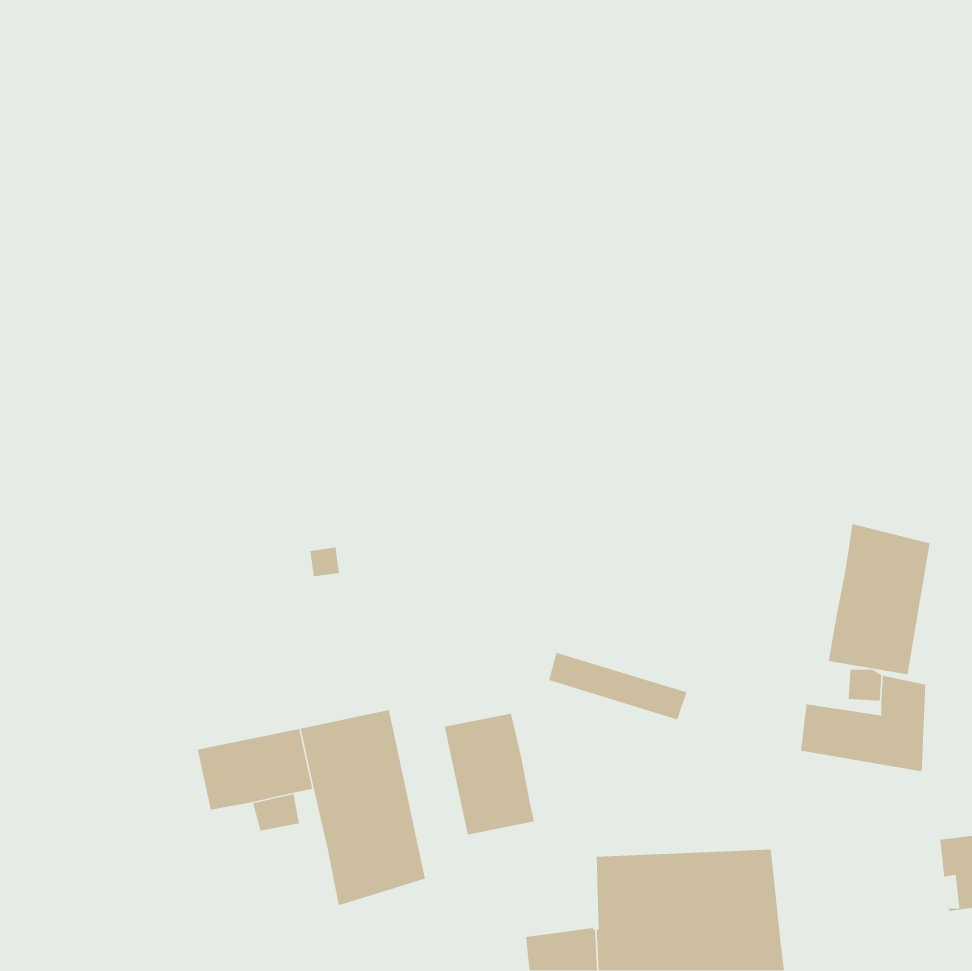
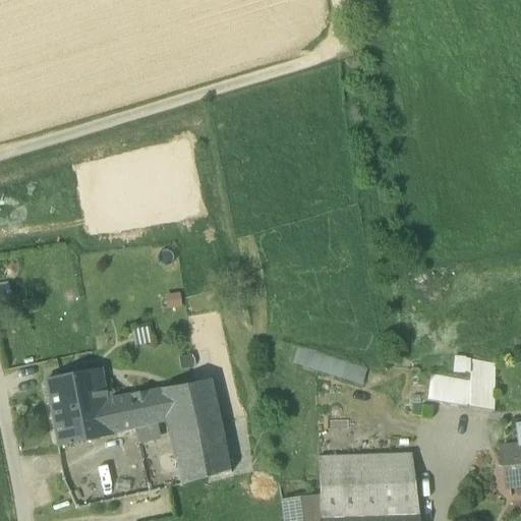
building: [828,523,931,675] -> none
building: none -> [46,368,114,444]
building: [444,713,535,836] -> none

